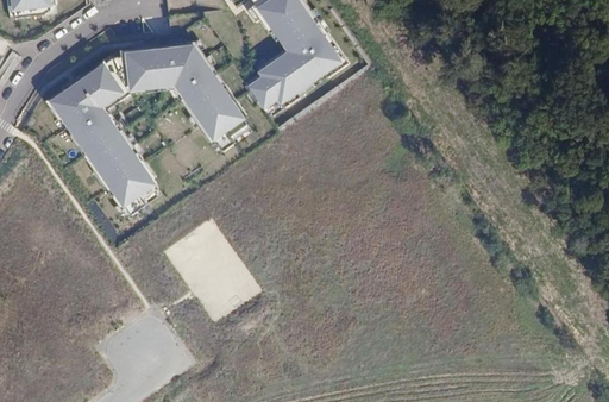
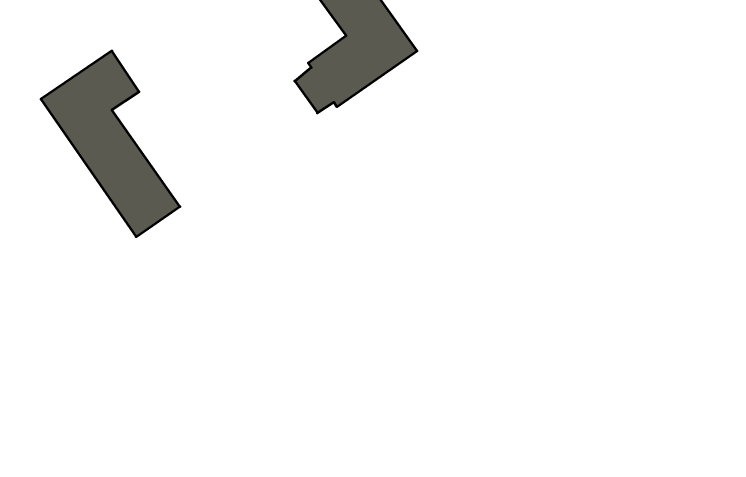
building: [124,44,246,142] -> none

